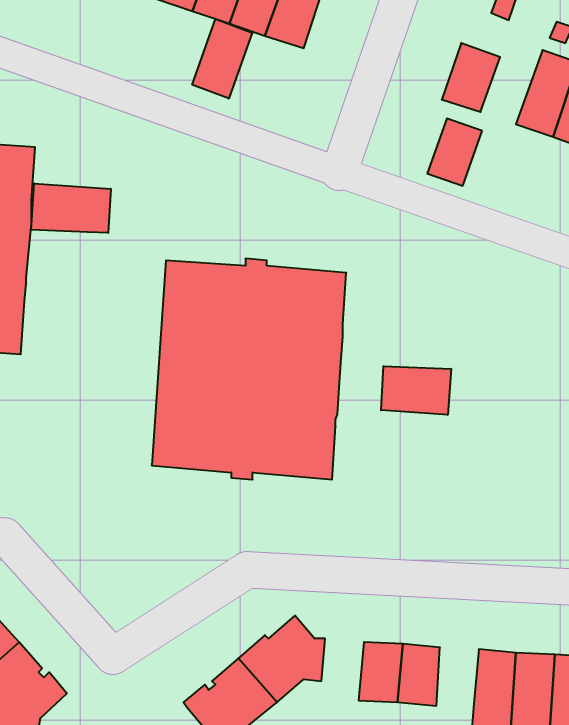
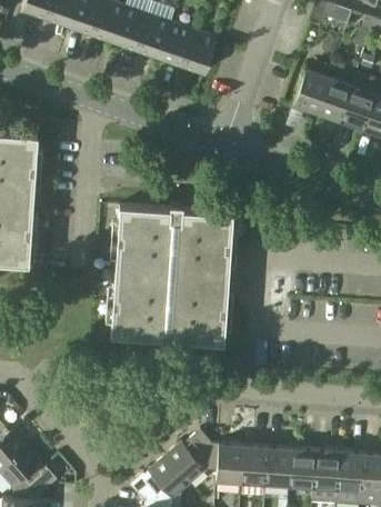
building: [192,19,252,99] -> none
building: [427,119,482,186] -> [317,79,351,121]
building: [31,183,111,233] -> none
building: [381,366,451,415] -> none
building: none -> [215,445,243,484]
building: none -> [289,450,315,488]

